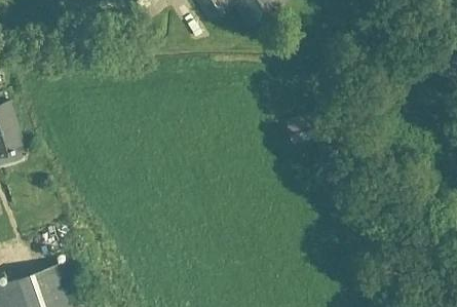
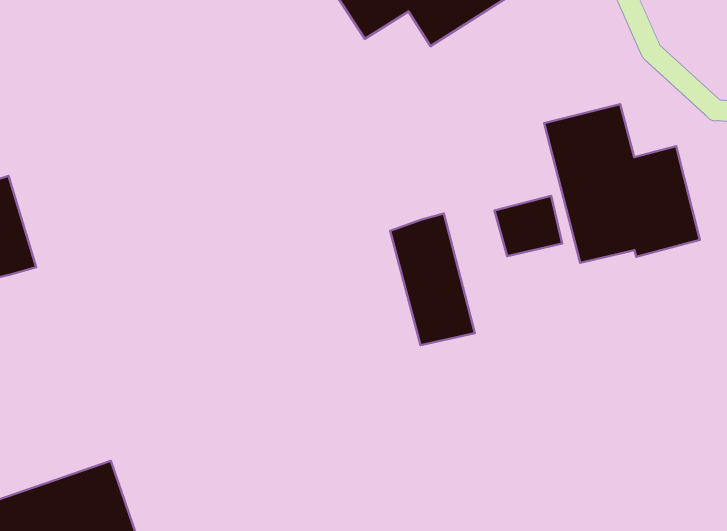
building: none -> [544,104,700,263]
building: none -> [390,213,475,345]

